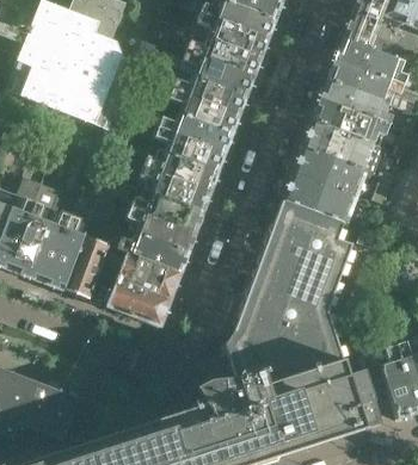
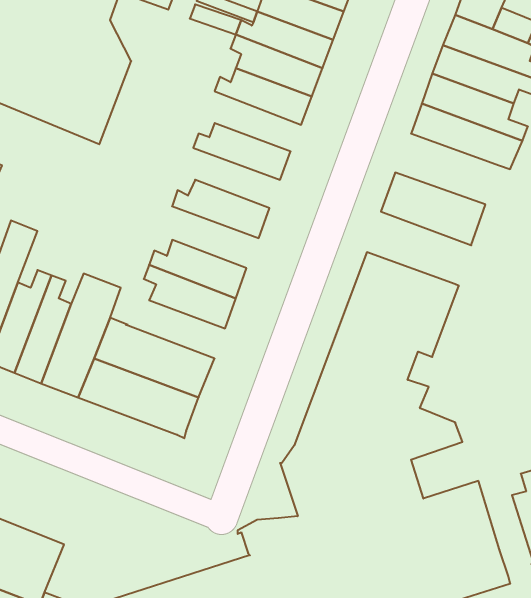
building: [177,93,239,134] -> none
building: [302,122,373,169] -> none
building: [162,131,225,172] -> none
building: [148,170,210,212] -> none
building: [283,174,354,223] -> none
building: [121,234,188,273] -> none

